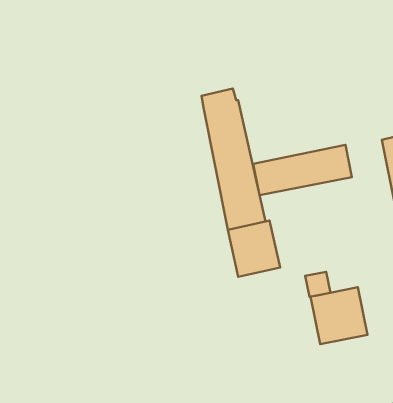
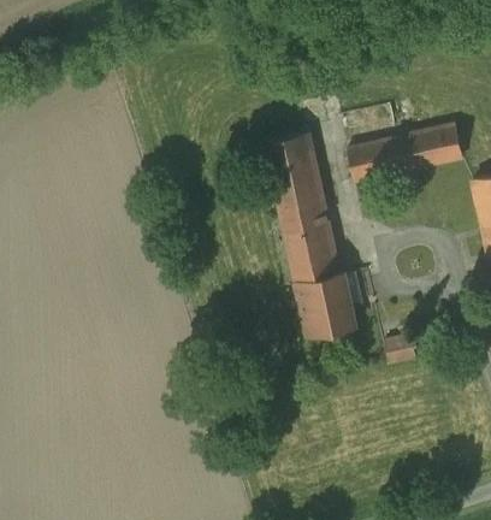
building: [253,145,352,195] -> [347,125,460,183]
building: [311,287,367,344] -> none

